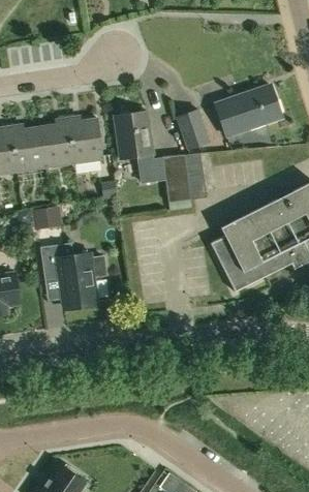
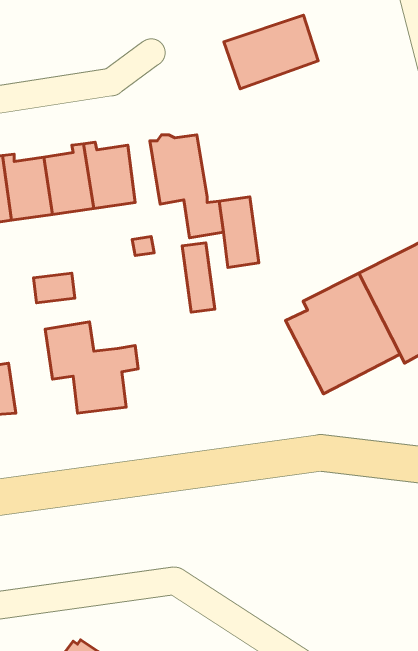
building: [215,85,281,136] -> [224,15,318,89]
building: [178,110,210,148] -> none
building: [184,152,207,201] -> [182,243,215,312]

